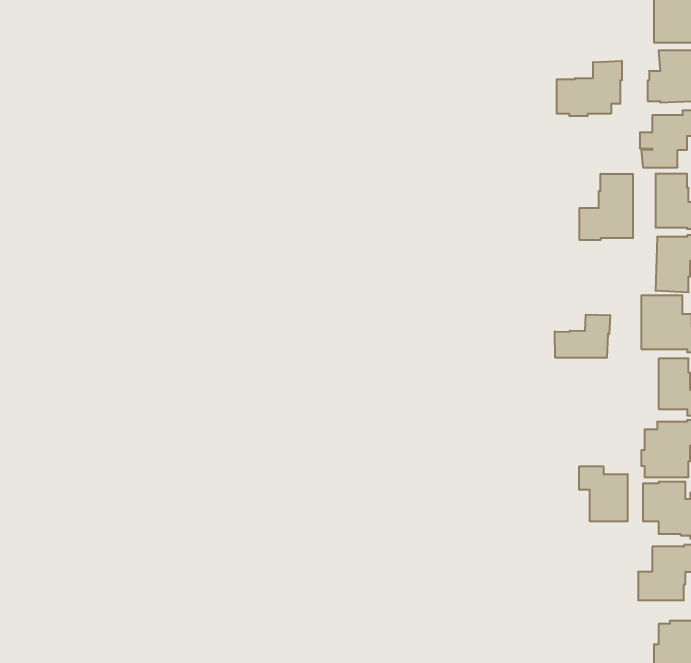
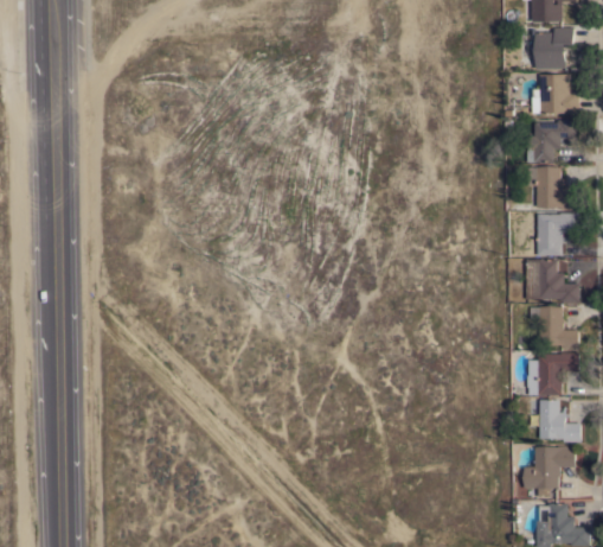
building: [557,61,622,116] -> none
building: [580,174,633,240] -> none
building: [555,315,610,358] -> none
building: [579,466,628,521] -> none

